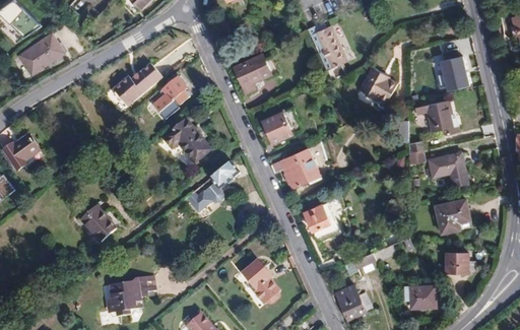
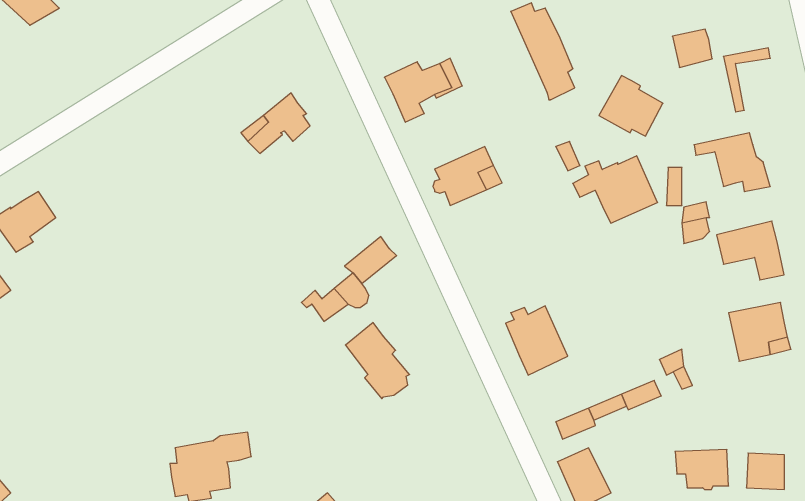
building: [18,32,65,74] -> none
building: [110,64,160,109] -> none
building: [447,67,470,89] -> [672,29,712,67]
building: [162,118,211,162] -> none
building: [270,148,320,188] -> [573,156,658,223]
building: [80,204,117,242] -> none
building: [445,252,467,273] -> [746,453,784,489]
building: [242,259,279,304] -> [345,323,410,399]

